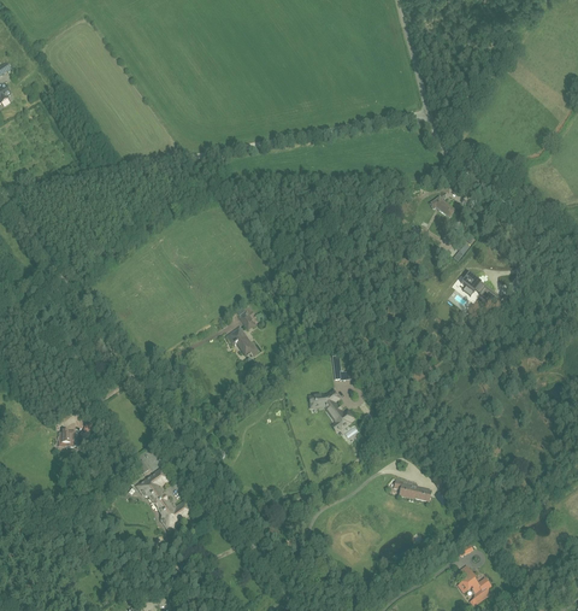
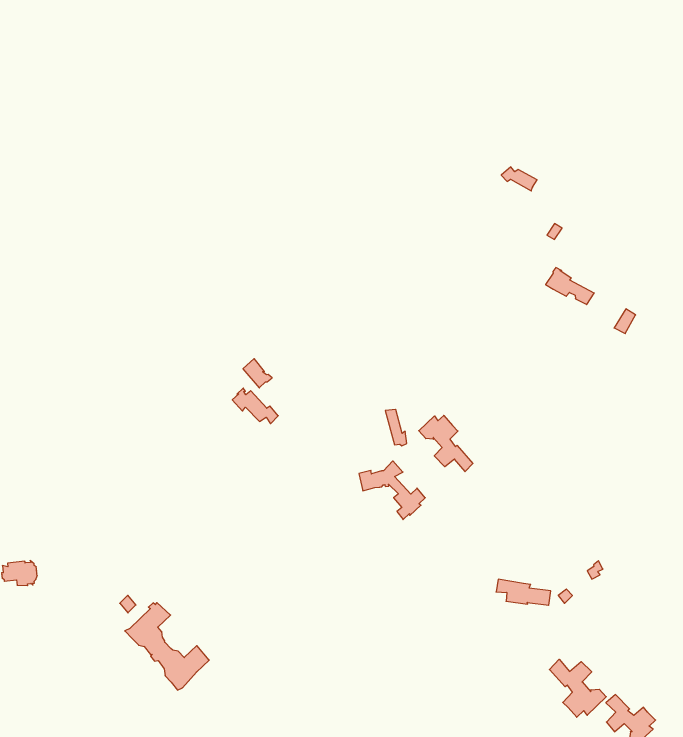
building: none -> [419,415,473,472]
building: none -> [549,659,606,717]

